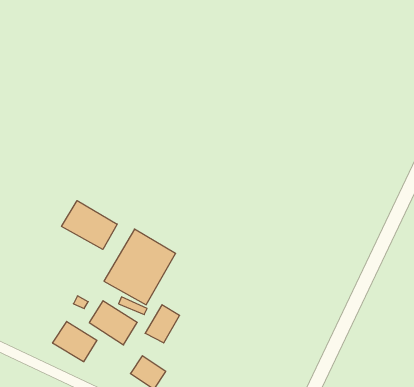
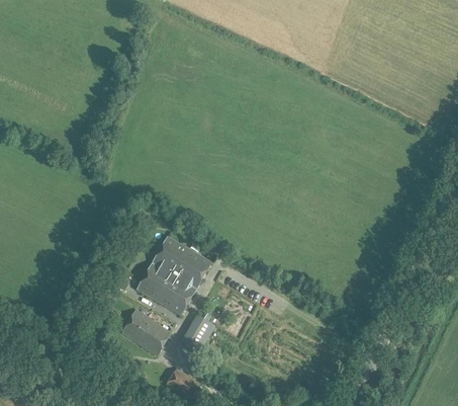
building: [62,201,117,249] -> none
building: [53,321,97,362] -> none

